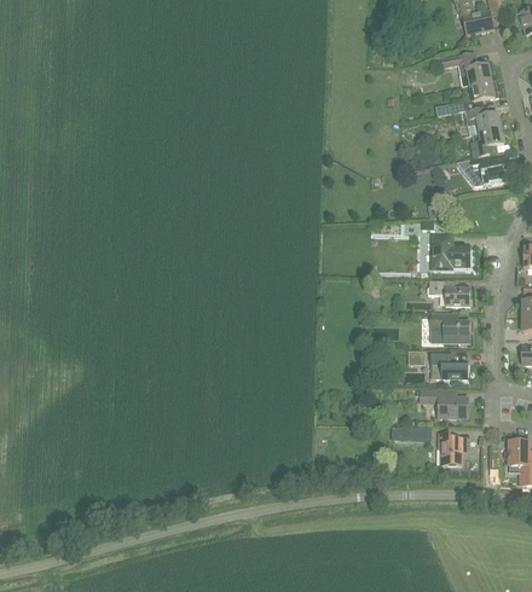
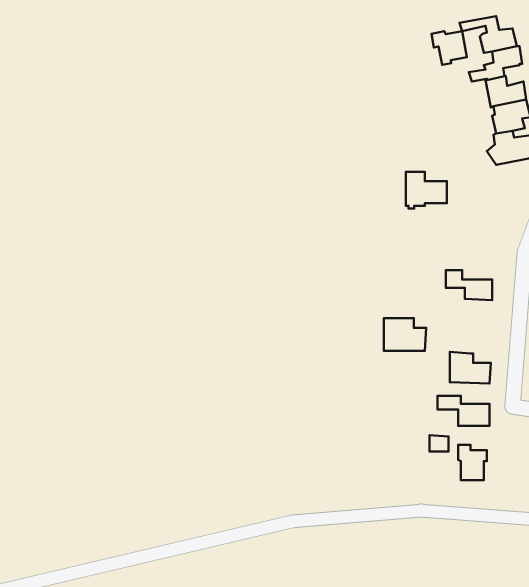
building: none -> [431,31,467,65]
building: [434,237,470,269] -> [406,172,447,209]
building: [433,312,470,341] -> [384,318,426,351]

